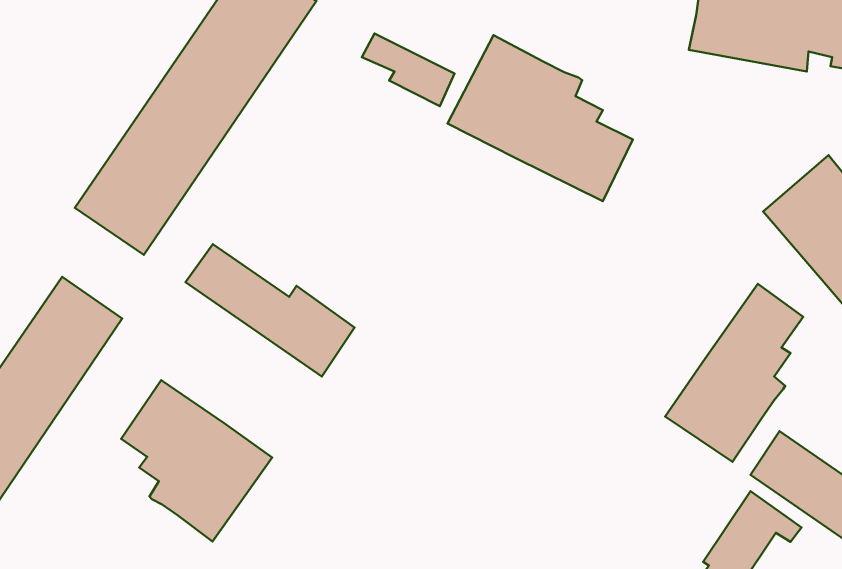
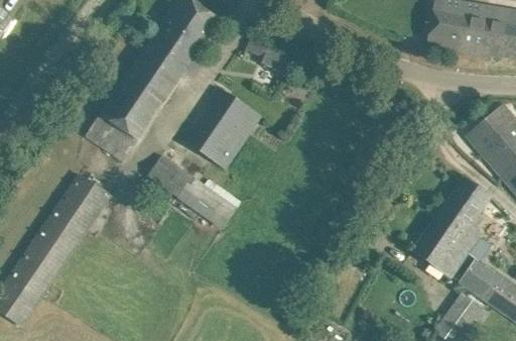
building: [448,35,633,201] -> none
building: none -> [183,88,261,169]
building: [121,380,272,541] -> none

